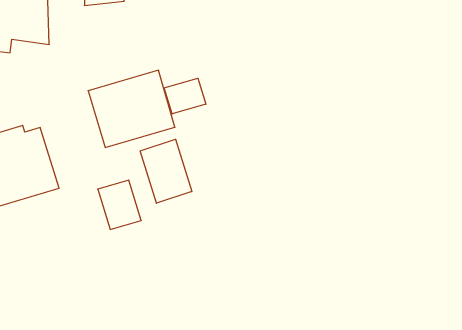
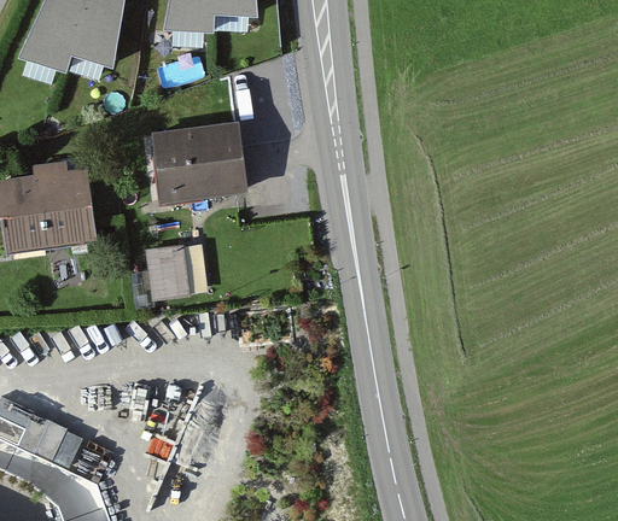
building: [164,78,206,114] -> none
building: [140,139,192,203] -> none

